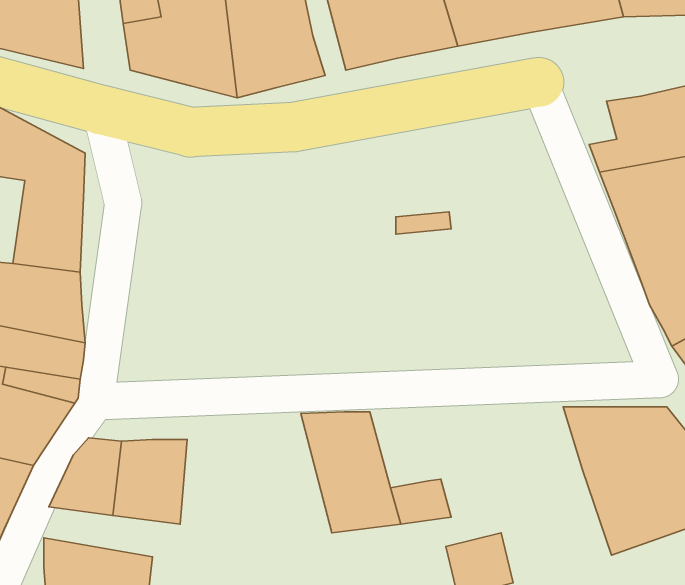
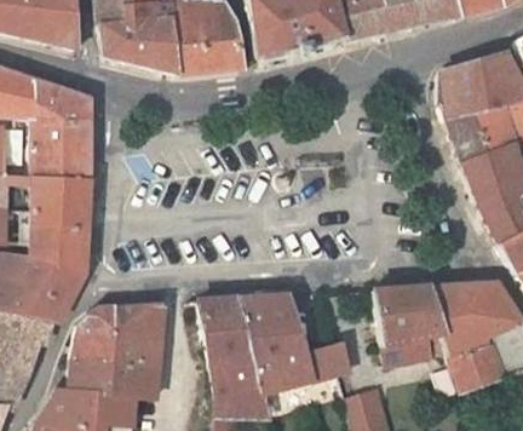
building: none -> [367,289,436,369]
building: none -> [197,294,266,407]
building: none -> [53,360,154,398]

